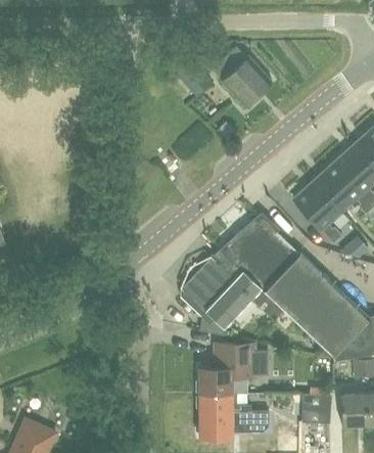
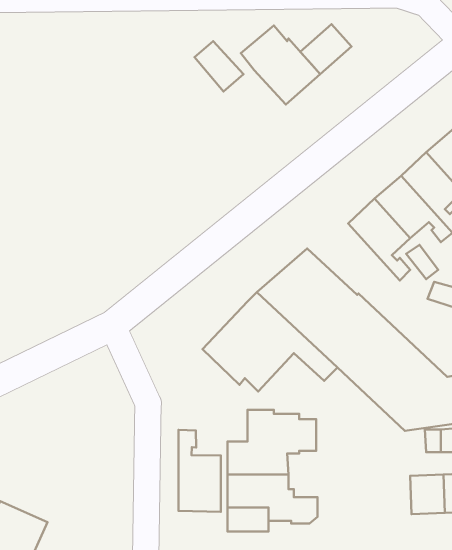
building: none -> [300,24,351,74]
building: none -> [179,430,221,512]
building: [301,394,331,424] -> none

